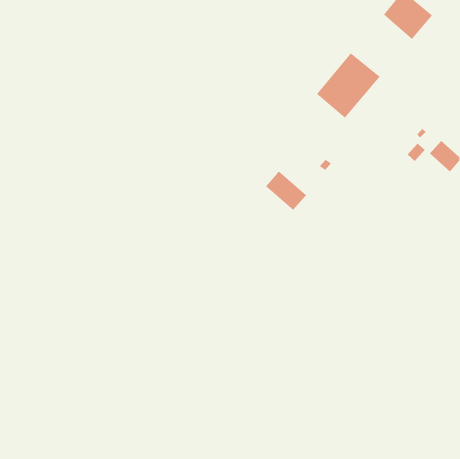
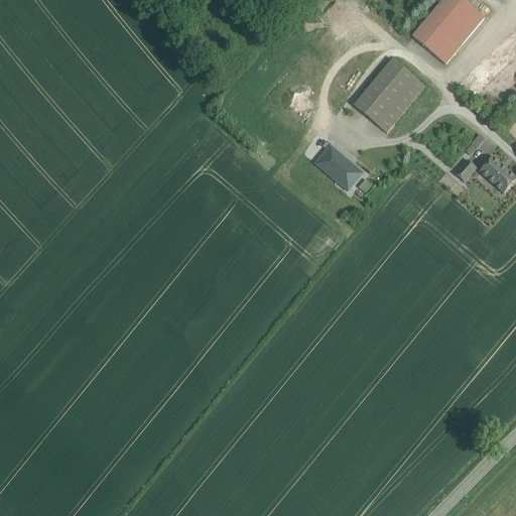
building: none -> [411,16,460,63]
building: [265,171,307,211] -> [314,145,361,189]

